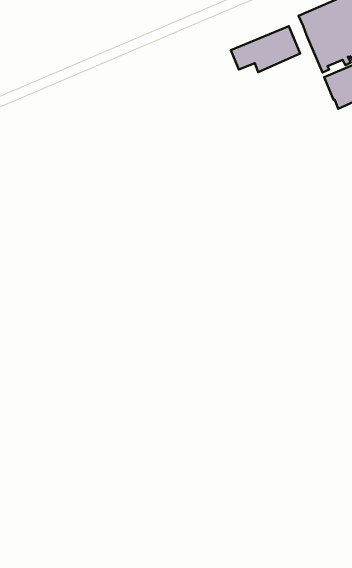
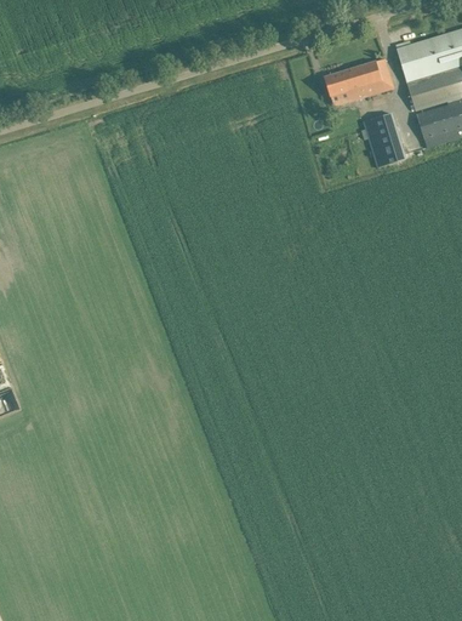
building: none -> [363,113,405,167]

